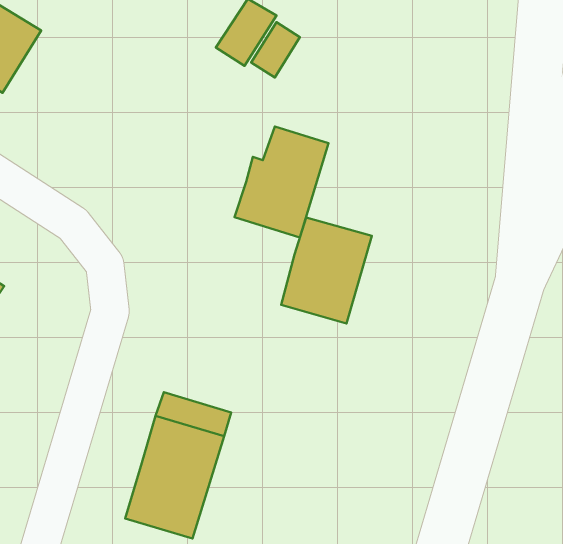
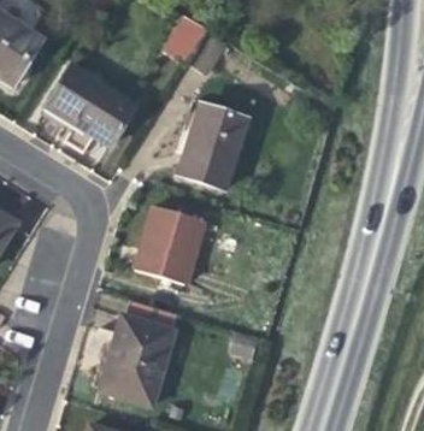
building: none -> [49,67,134,144]
building: [281,217,372,323] -> [137,206,202,282]

